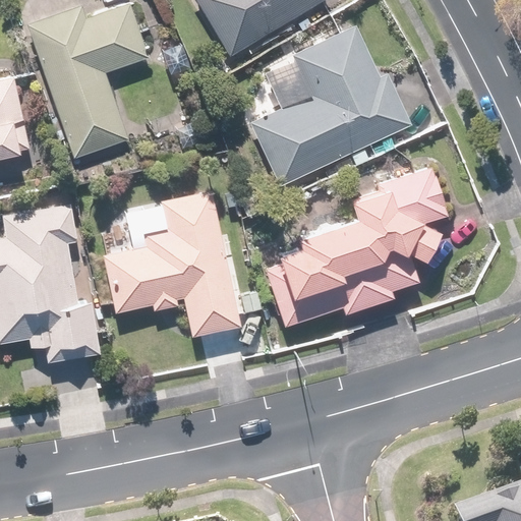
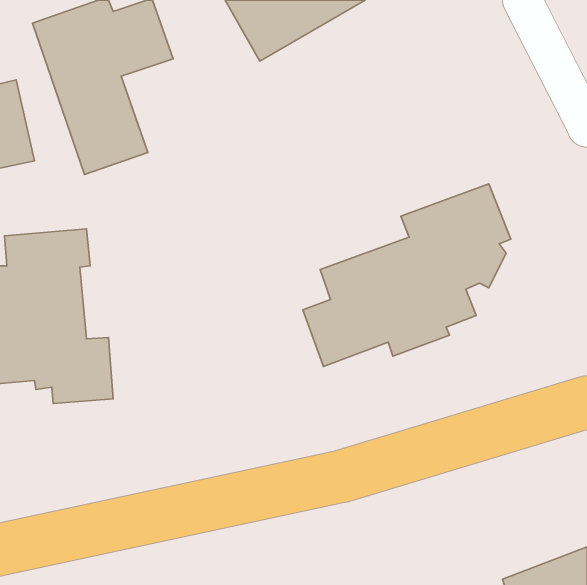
building: [243,23,412,182] -> none
building: [103,191,258,339] -> none

